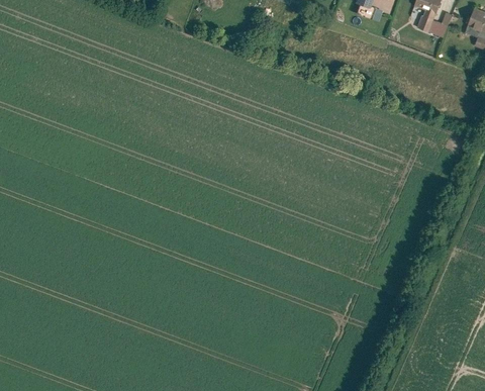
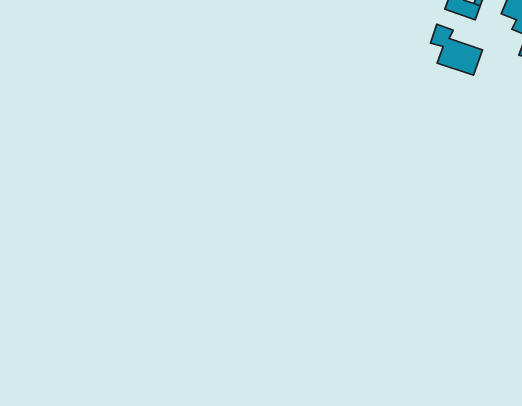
building: none -> [430,24,482,75]

